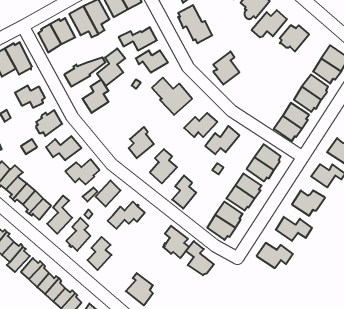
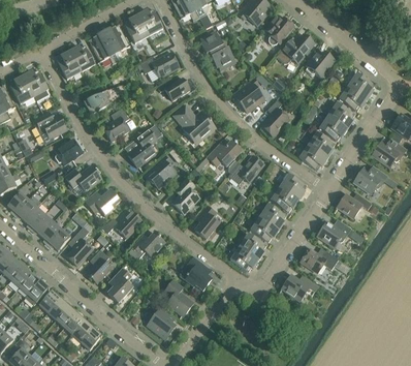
building: [97,48,125,86] -> [128,128,157,166]
building: none -> [261,98,289,135]
building: [186,241,214,275] -> [164,278,193,313]

